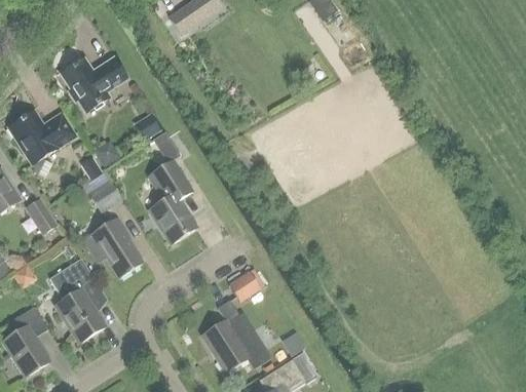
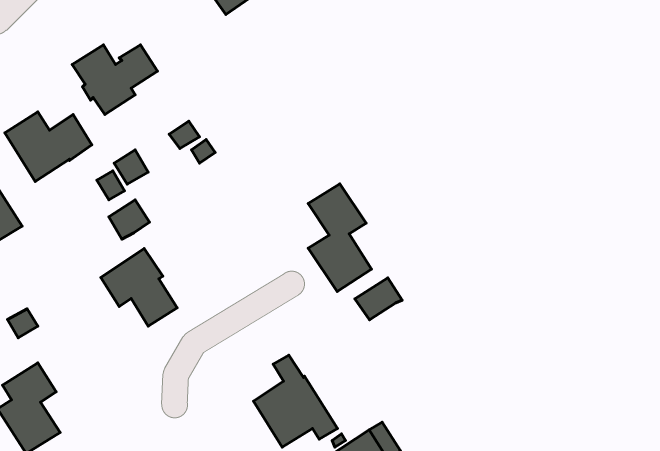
building: [148,160,197,244] -> [308,184,371,292]
building: [27,198,58,233] -> none
building: [50,258,106,343] -> none
building: [229,268,266,301] -> [355,278,402,320]

